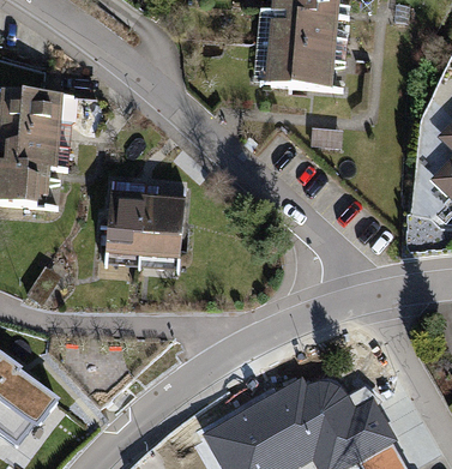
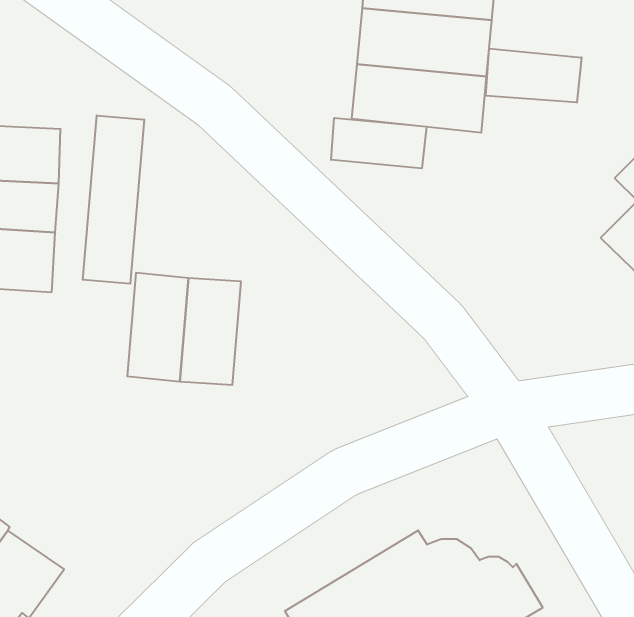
building: none -> [486,49,582,103]
building: none -> [83,115,144,284]
building: none -> [331,118,426,168]

